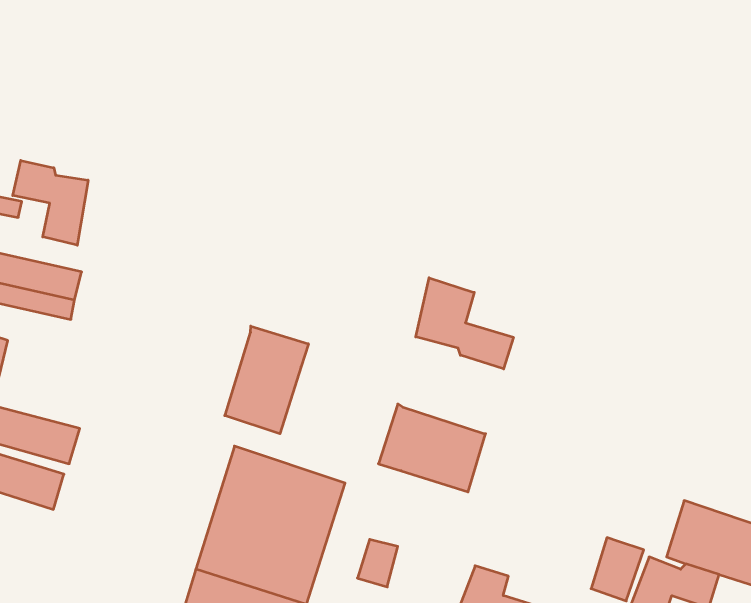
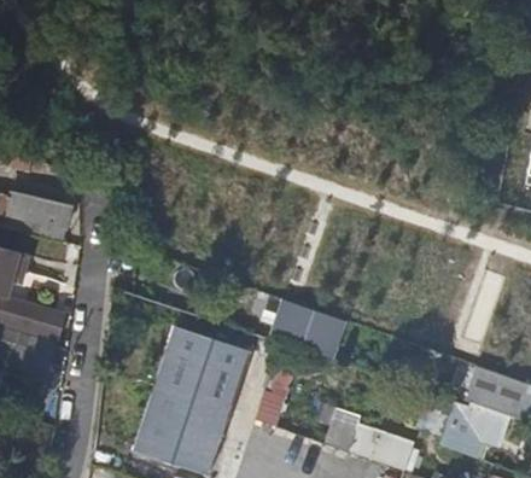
building: [13,160,88,245] -> none
building: [416,278,513,369] -> none
building: [225,326,308,434] -> none

